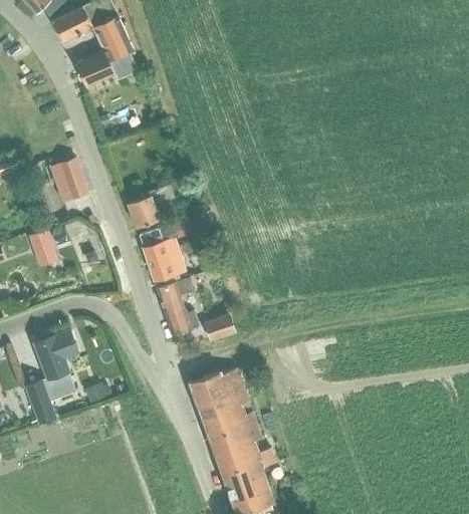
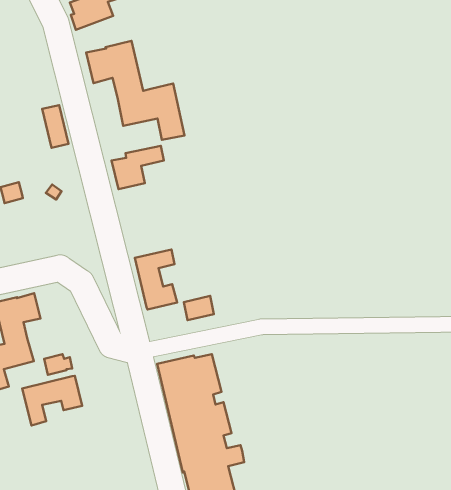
building: none -> [86,41,185,140]
building: [140,229,185,281] -> none
building: none -> [22,376,82,425]

